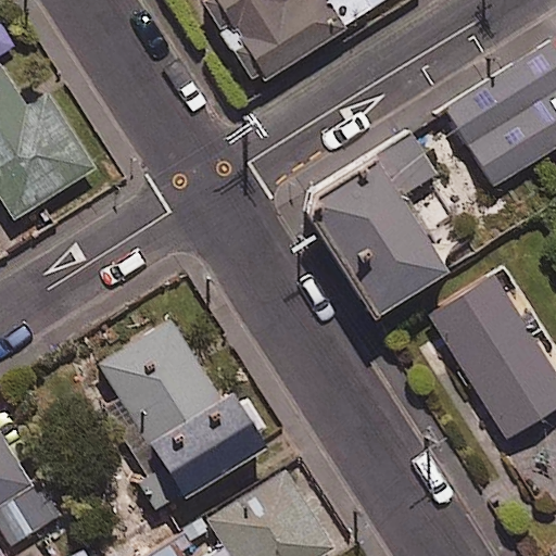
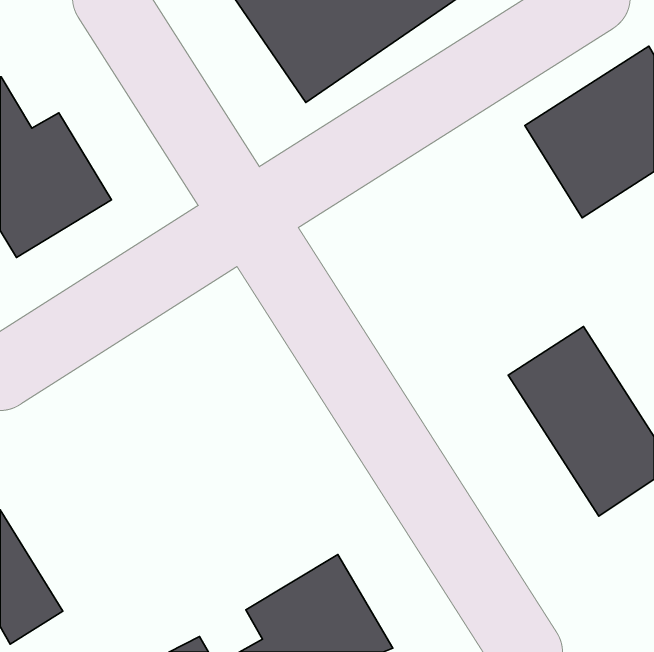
building: [312,134,447,317] -> none
building: [100,319,265,502] -> none

